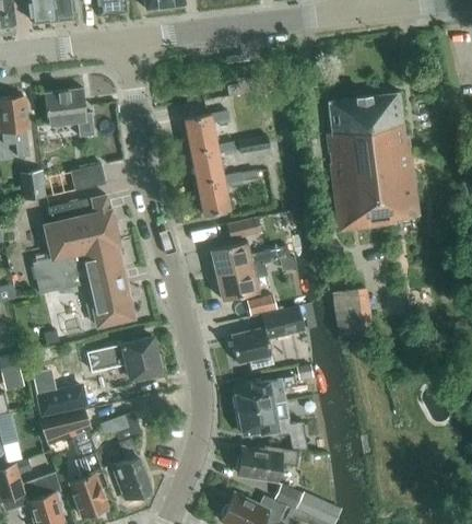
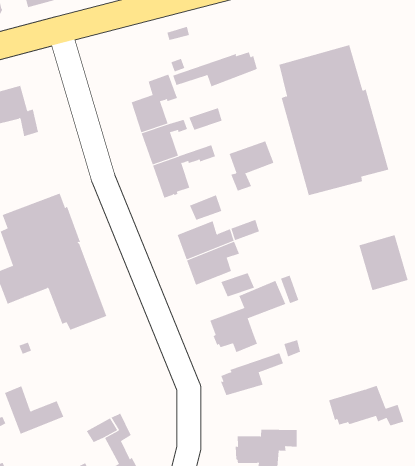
building: none -> [173,51,258,87]
building: [71,164,106,190] -> none
building: none -> [229,141,274,192]
building: [331,287,374,337] -> [359,234,408,291]
building: [87,337,163,379] -> none
building: [236,401,305,442] -> [328,385,404,426]
building: [39,410,91,445] -> none

